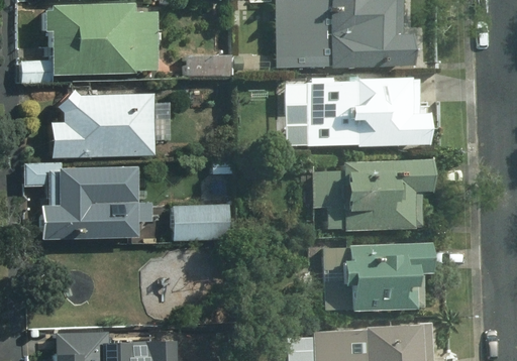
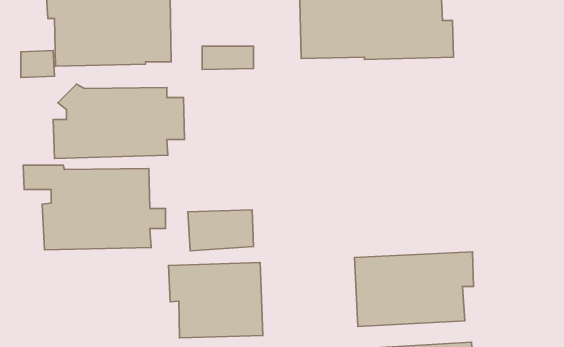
building: [305,78,429,146] -> none
building: [311,158,433,230] -> none
building: none -> [169,262,263,338]

